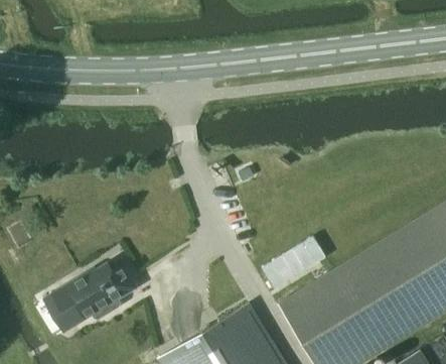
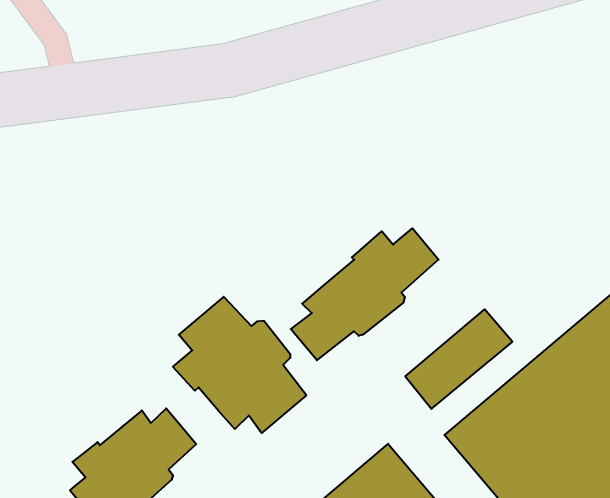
building: none -> [291,228,439,360]
building: none -> [173,297,306,433]

